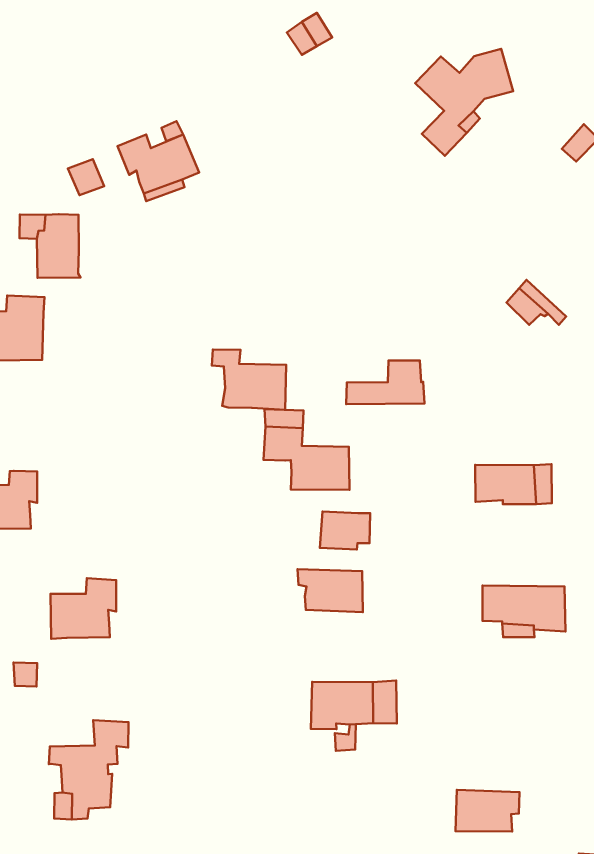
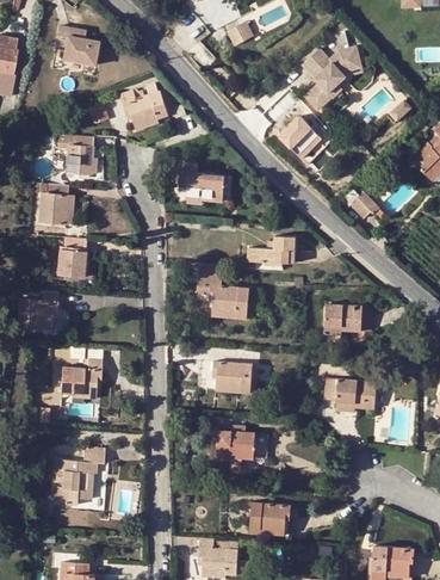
building: none -> [56,26,100,66]
building: none -> [279,111,334,165]
building: [212,350,286,410] -> [178,162,223,202]
building: none -> [56,237,85,276]
building: [320,512,370,549] -> none
building: [455,790,520,832] -> [249,501,290,529]

